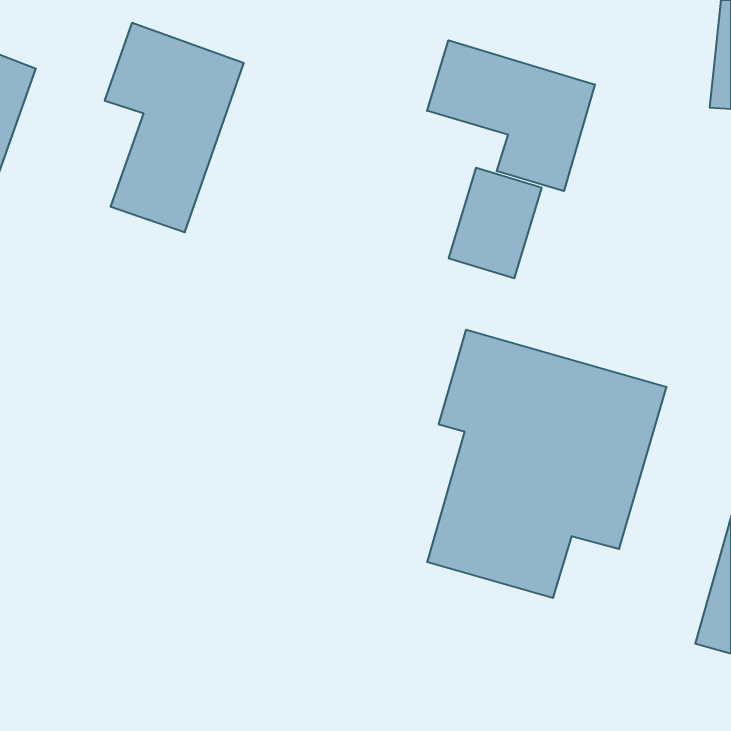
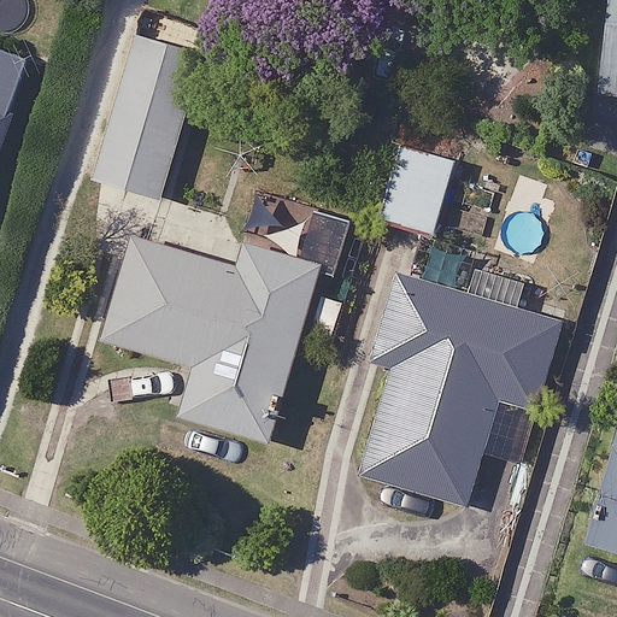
building: [427,40,595,191] -> none
building: none -> [107,239,317,440]

